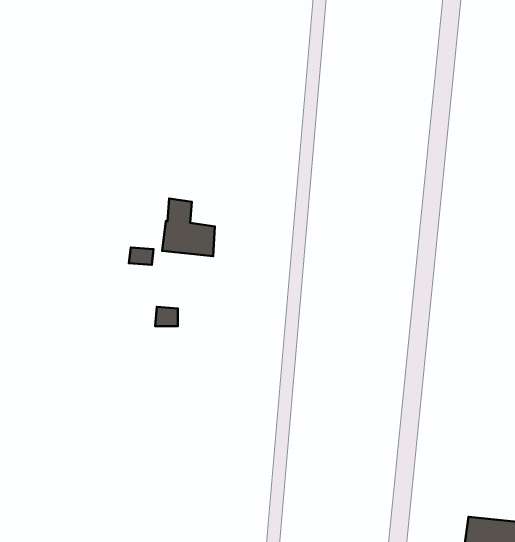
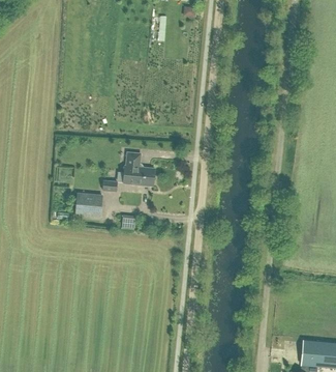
building: none -> [75,193,102,217]

